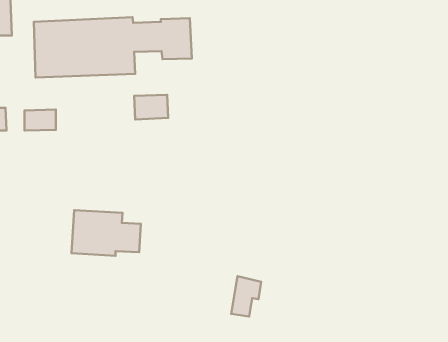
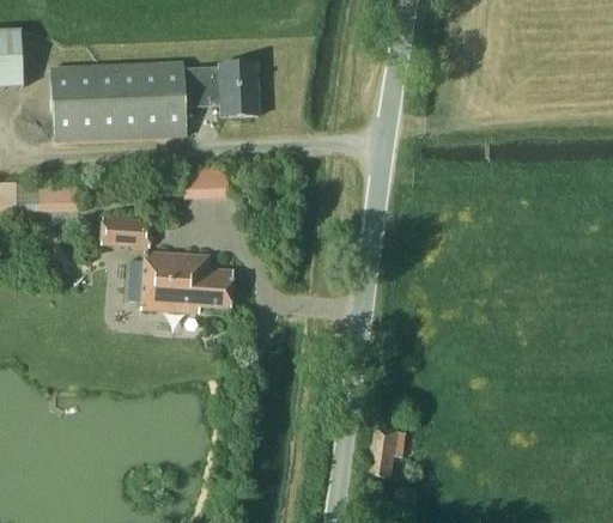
building: none -> [101,213,148,247]
building: [71,210,141,256] -> [140,253,231,312]
building: [231,276,261,316] -> [364,426,403,479]

